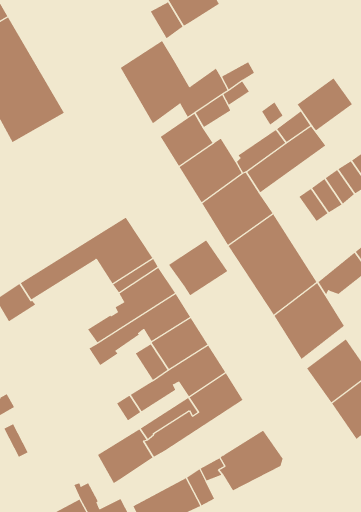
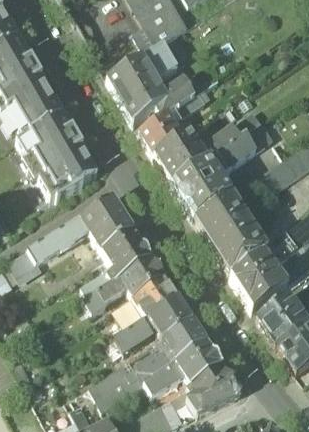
building: none -> [143,40,180,75]
building: [297,77,353,131] -> none
building: none -> [18,112,99,198]
building: [168,240,228,296] -> none
building: none -> [145,341,224,396]

